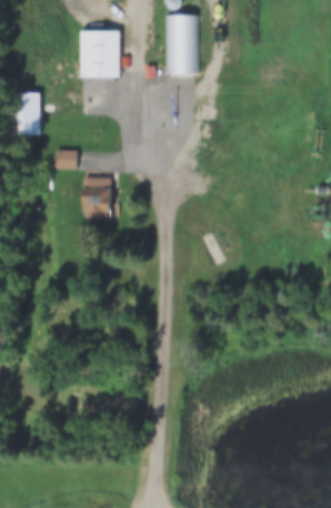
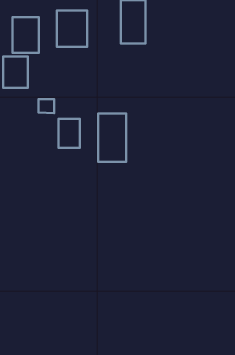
building: none -> [13,17,39,53]
building: none -> [98,113,126,162]

